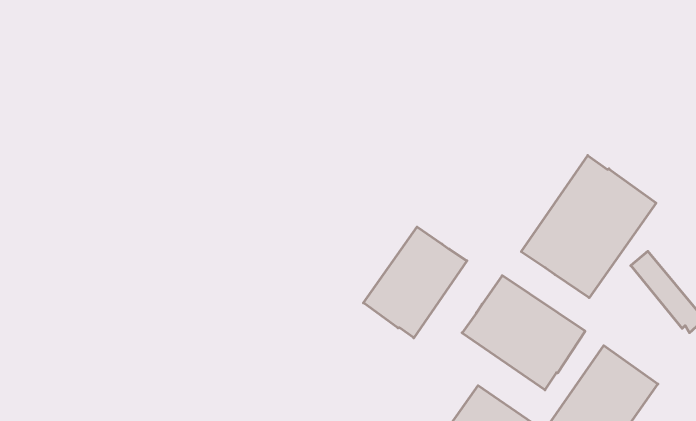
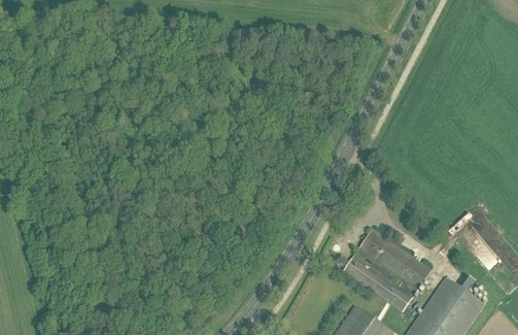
building: [521,155,656,298] -> none
building: [363,227,467,338] -> none

